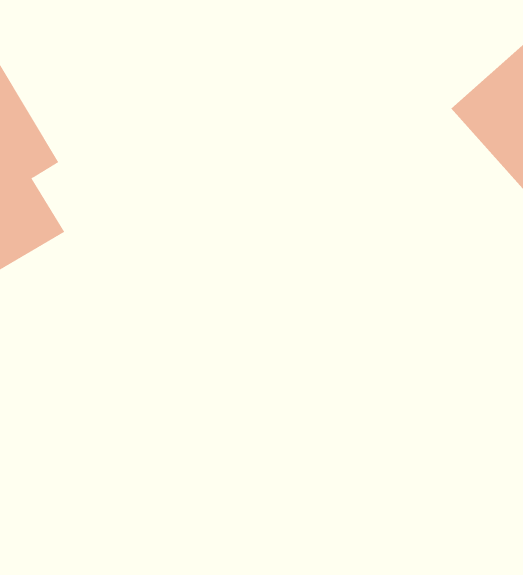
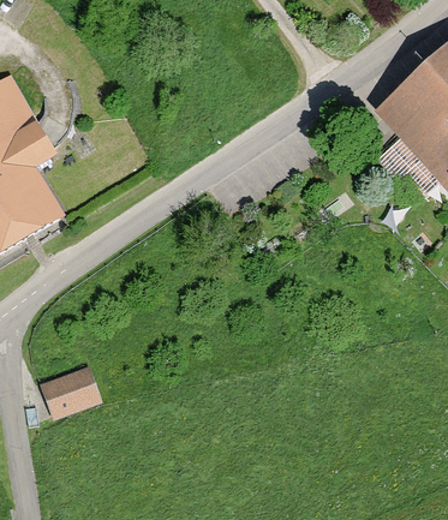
building: none -> [38,364,97,413]

